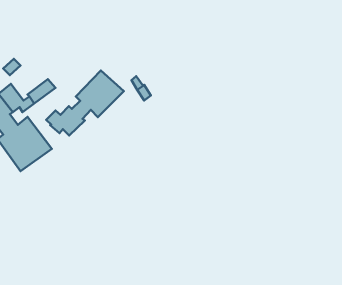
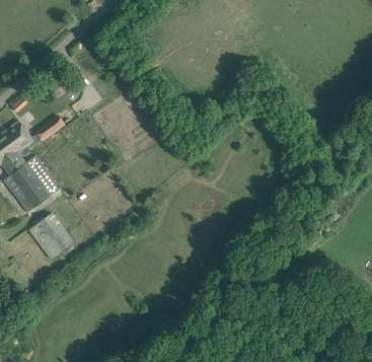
building: [46,70,124,136] -> none
building: none -> [29,213,71,258]

